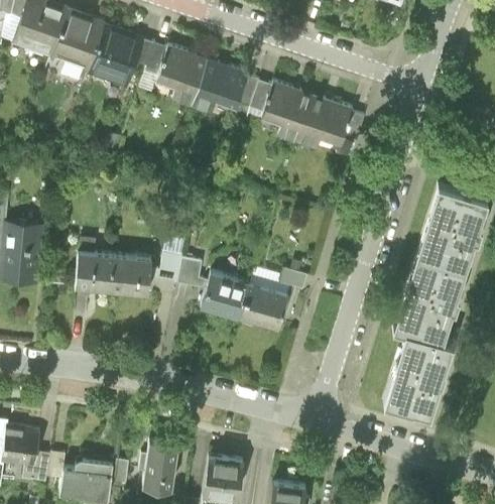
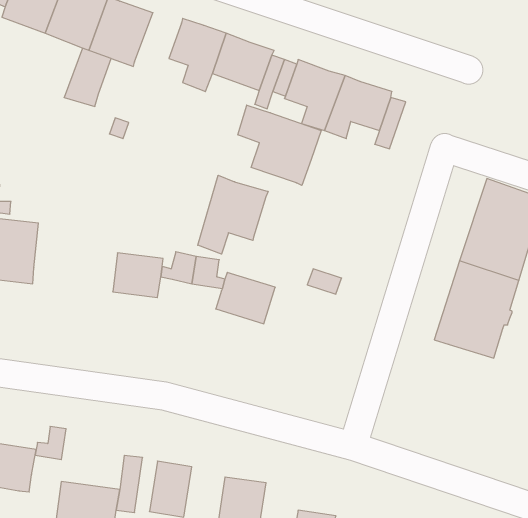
building: [129,41,170,93] -> [64,48,111,106]
building: none -> [238,105,321,185]
building: none -> [198,175,268,254]
building: [75,249,114,287] -> none
building: [243,283,291,328] -> none
building: [384,334,455,419] -> none
building: [25,449,52,478] -> [35,426,66,460]

